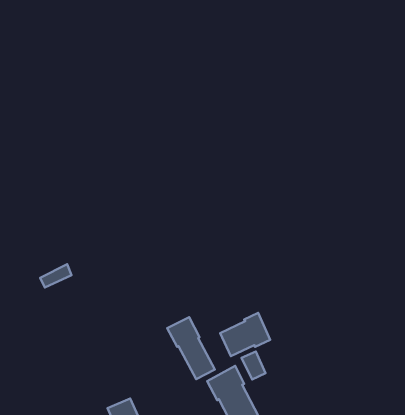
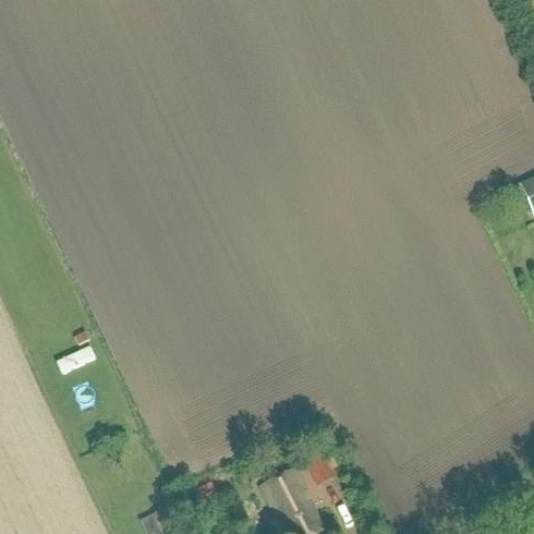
building: [220,313,270,356] -> none
building: [167,317,215,379] -> none

